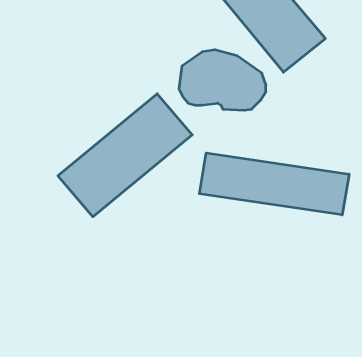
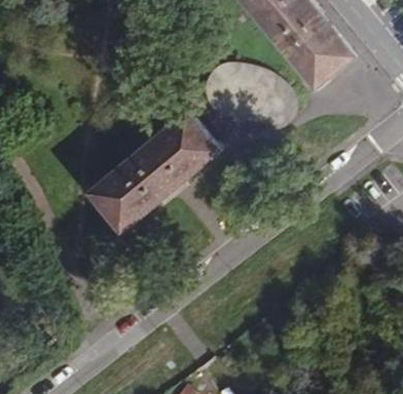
building: [199,153,349,215] -> none

